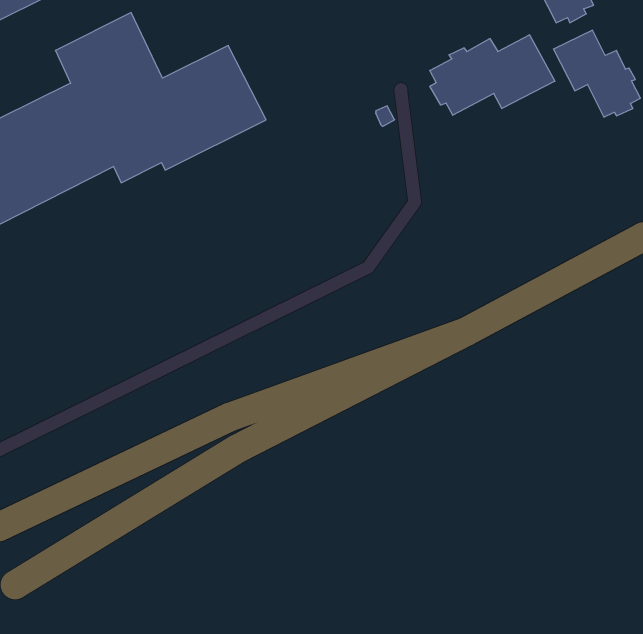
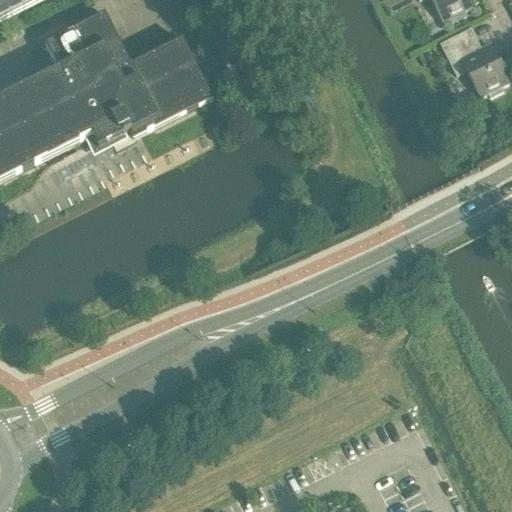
building: [430,35,555,115] -> none

